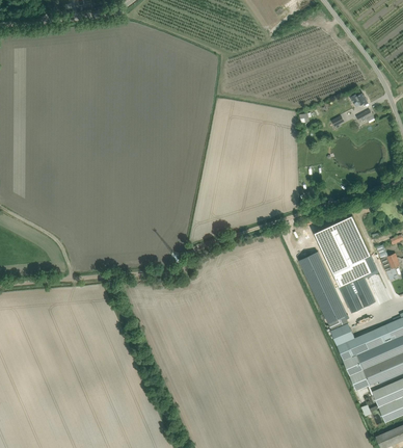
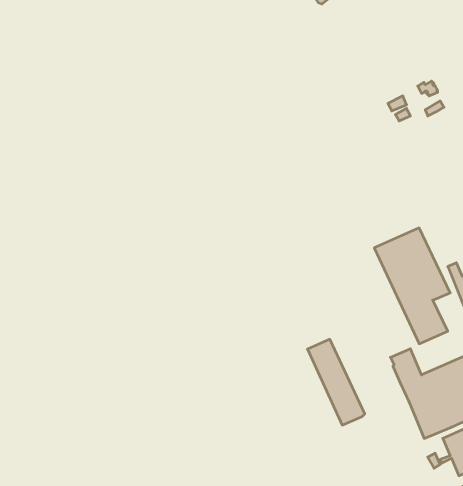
building: [298,252,346,323] -> [307,339,365,425]

